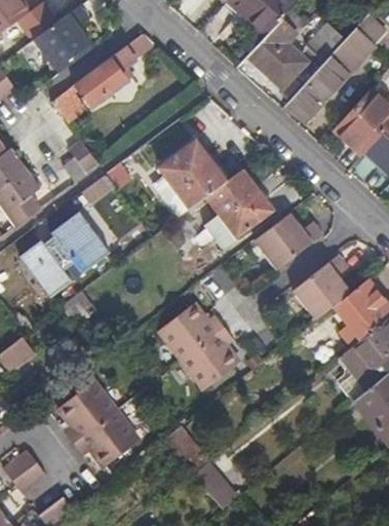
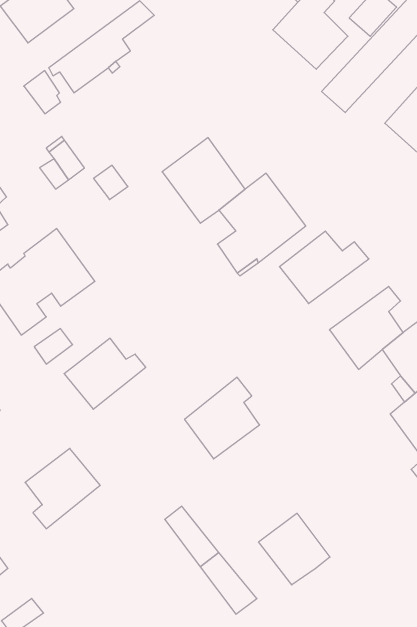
building: [156,305,220,361] -> [64,338,146,409]
building: [71,412,135,468] -> none
building: none -> [259,513,330,585]

